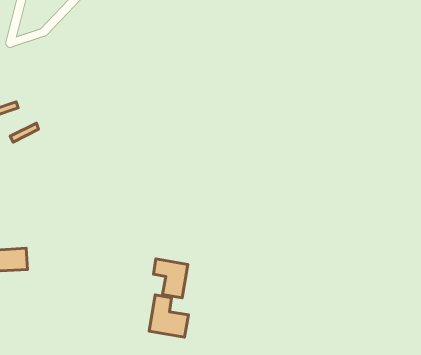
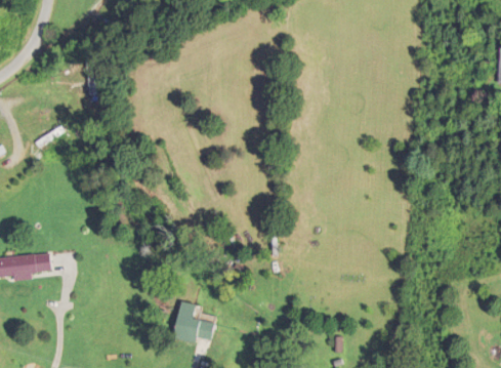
building: [153,259,188,298] -> none

